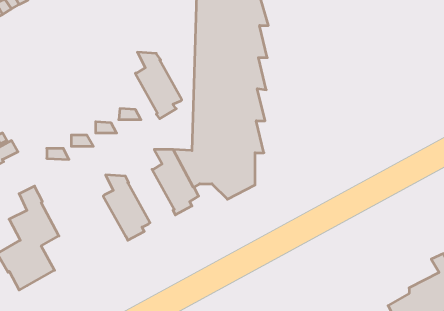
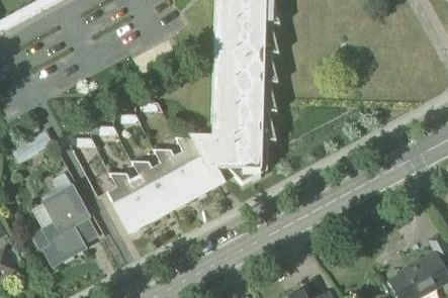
building: [135,52,182,119] -> [151,150,193,210]
building: none -> [106,174,149,233]

